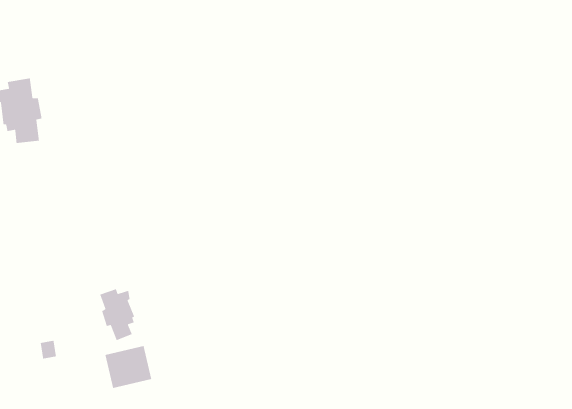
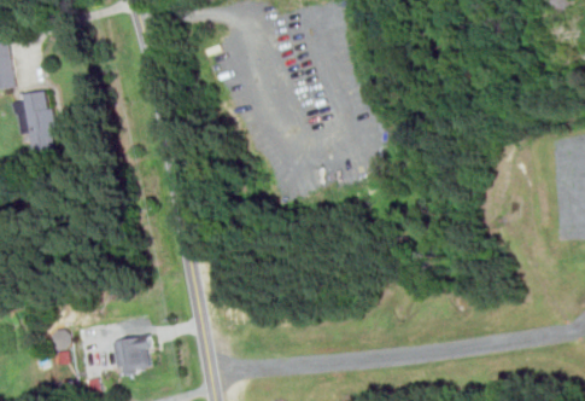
building: [99,288,135,341] -> none

